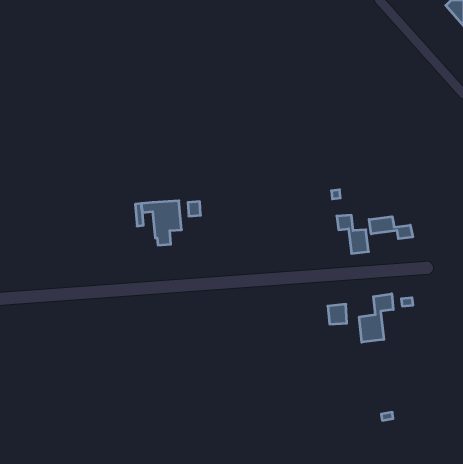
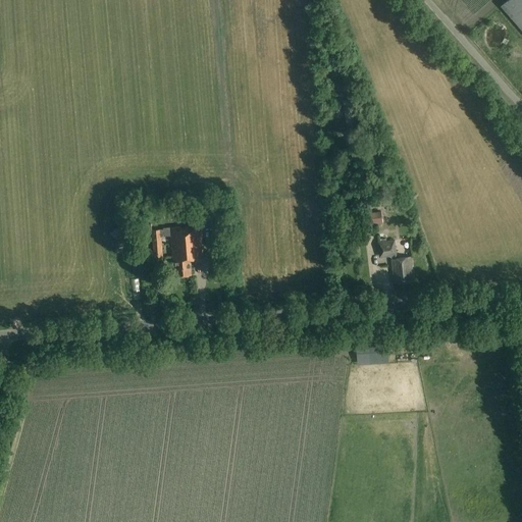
building: [369,217,413,239] -> none
building: [359,294,393,342] -> none

